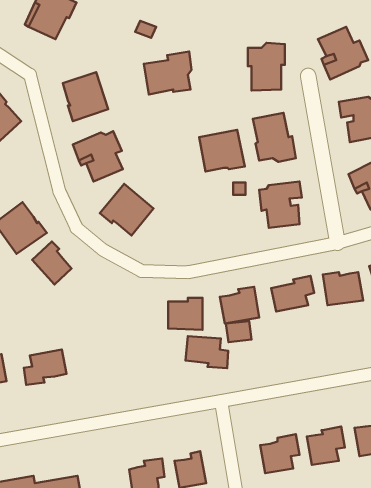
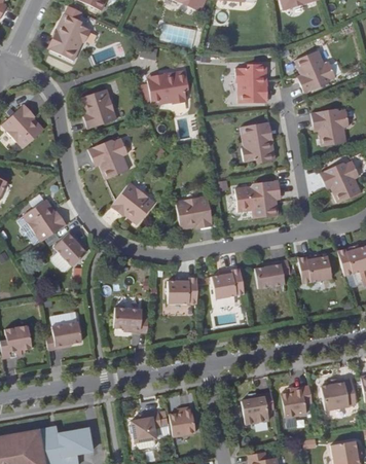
building: [199,130,245,171] -> [175,194,213,229]
building: [185,336,228,368] -> [112,306,148,332]

